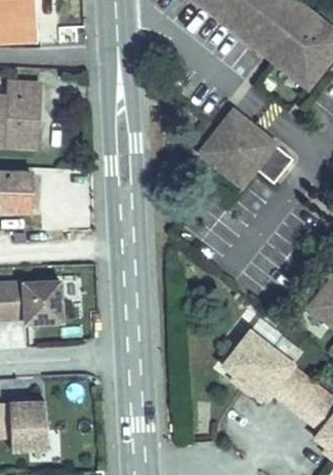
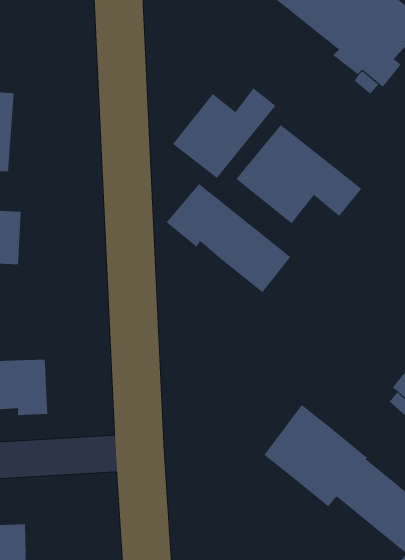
building: none -> [172,88,276,179]
building: none -> [166,183,291,293]

